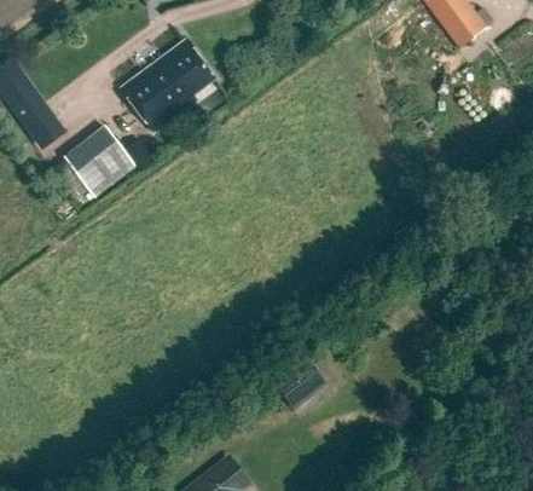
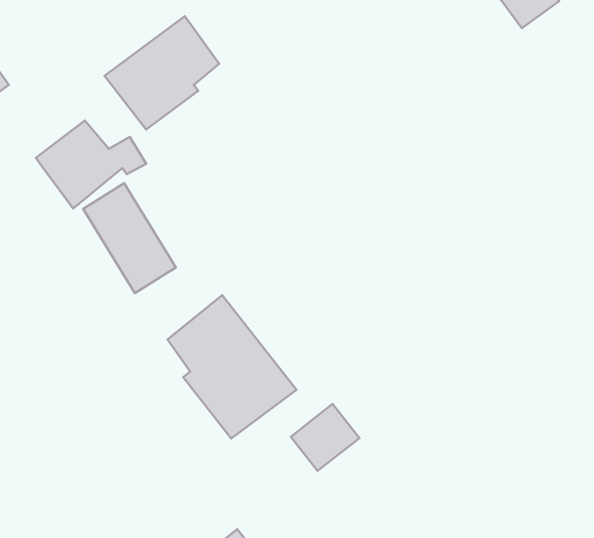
building: none -> [83,183,176,293]
building: none -> [167,295,297,439]

